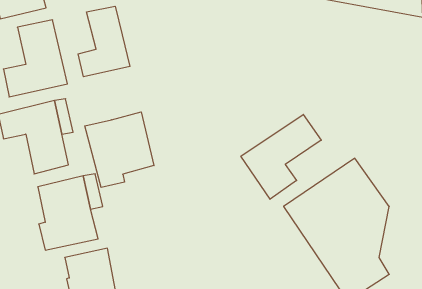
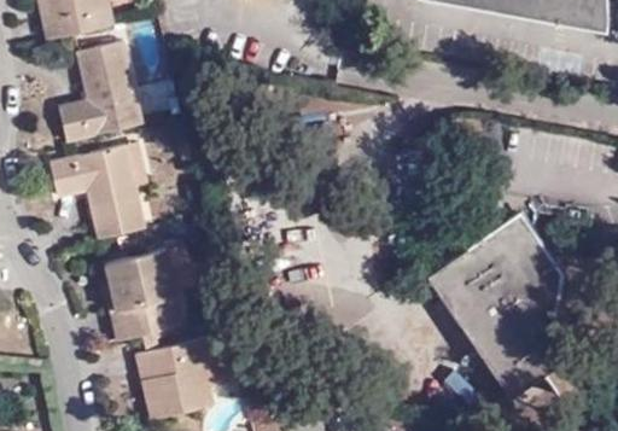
building: [78,6,130,77] -> none
building: [85,112,154,187] -> none
building: [241,114,321,199] -> none

